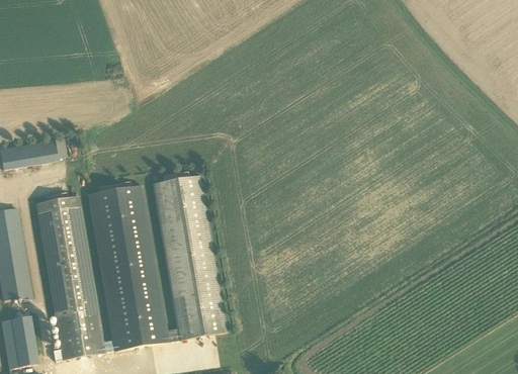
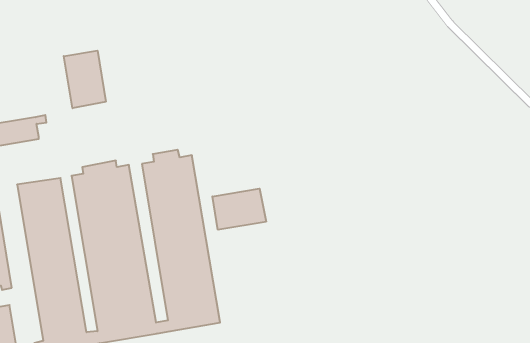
building: none -> [64,51,106,108]
building: none -> [212,189,266,230]

